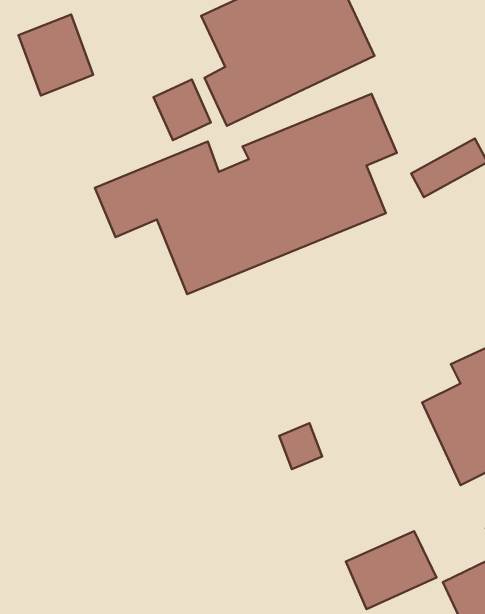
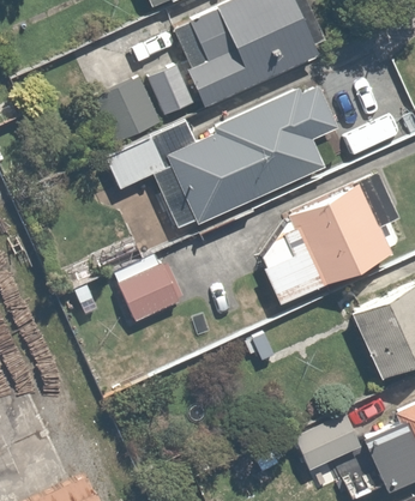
building: [19,14,93,95] -> [100,77,156,138]
building: none -> [259,176,391,303]
building: none -> [115,262,184,322]

